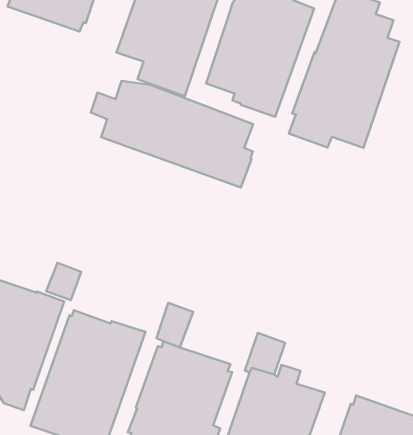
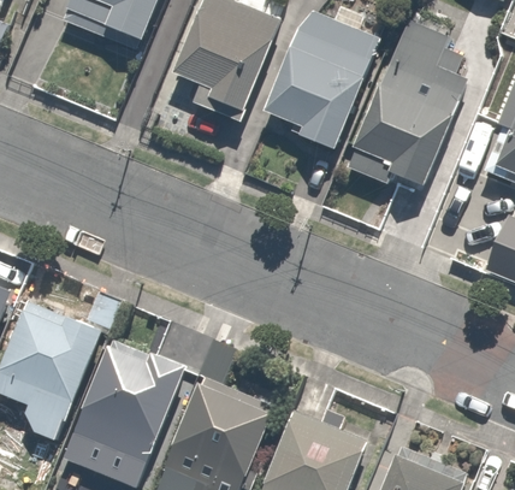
building: [91,81,253,188] -> none

